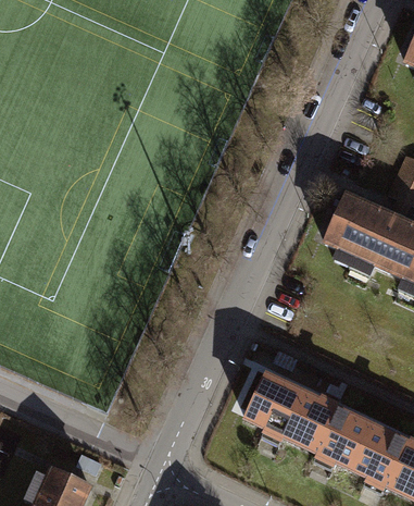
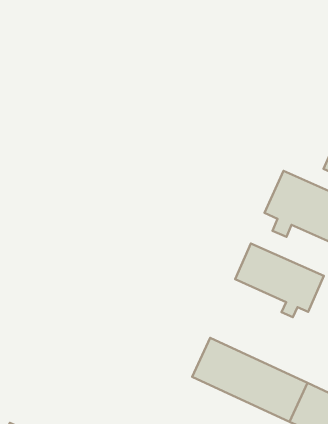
building: none -> [235,244,324,317]

